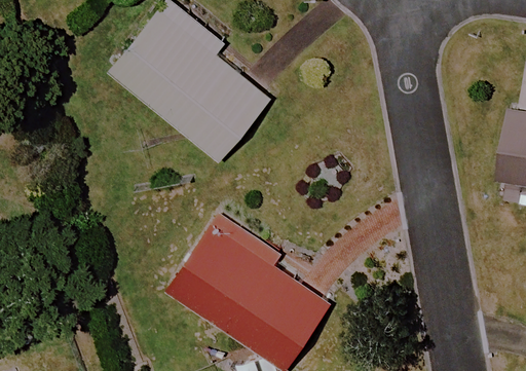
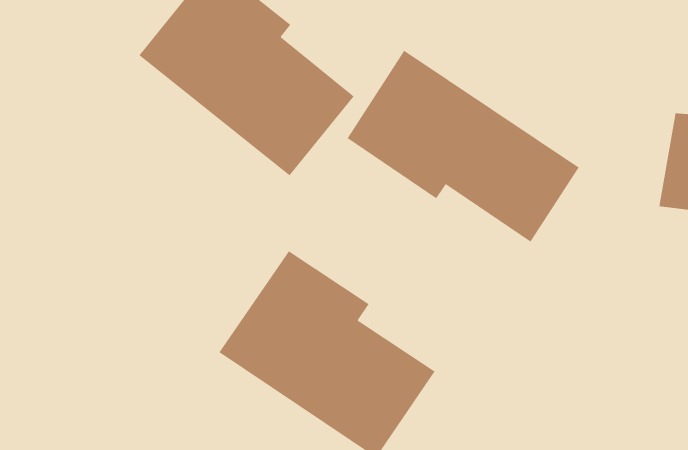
building: none -> [347,50,579,242]

